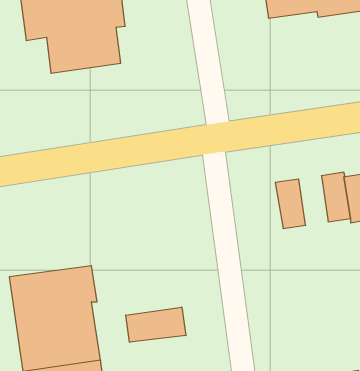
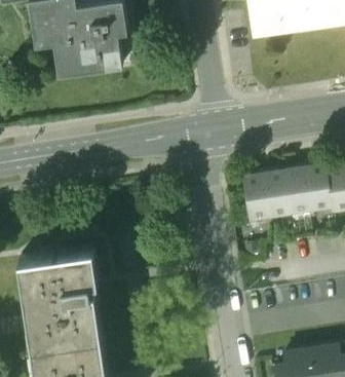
building: none -> [283,169,310,215]
building: none -> [241,176,269,221]
building: [126,307,186,342] -> none

